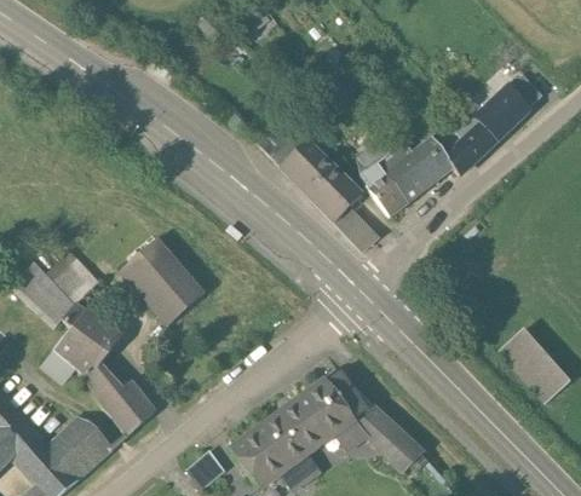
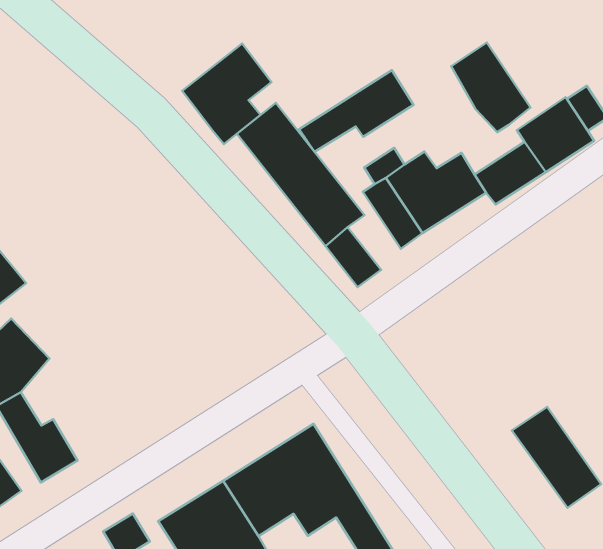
building: none -> [451,43,530,132]
building: none -> [182,44,272,144]
building: none -> [299,70,413,152]
building: [121,236,212,330] -> none

